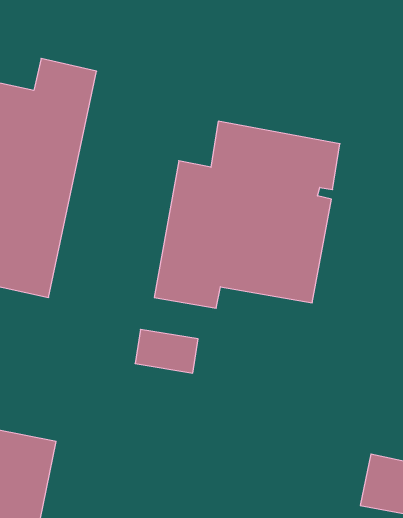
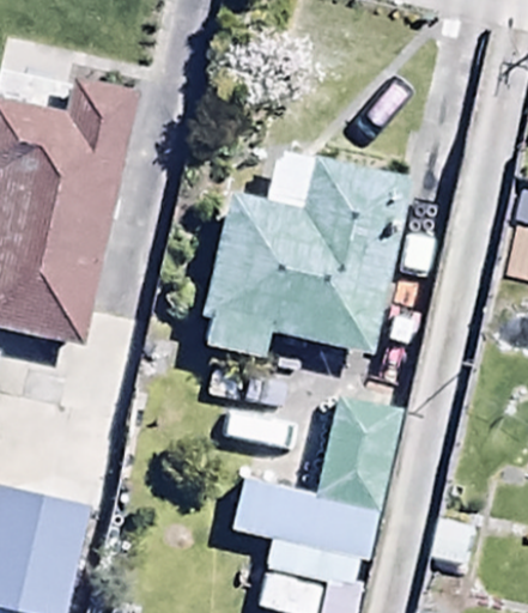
building: none -> [227,397,412,566]

